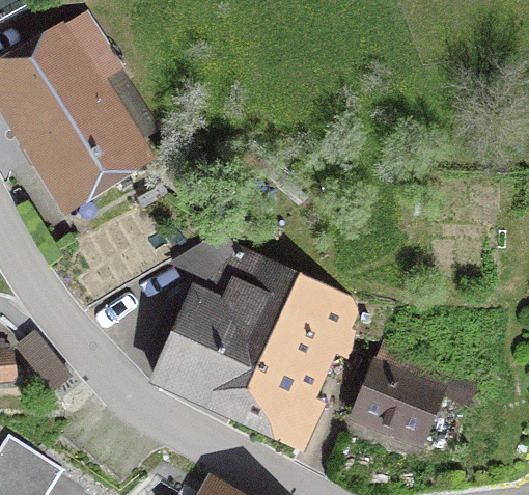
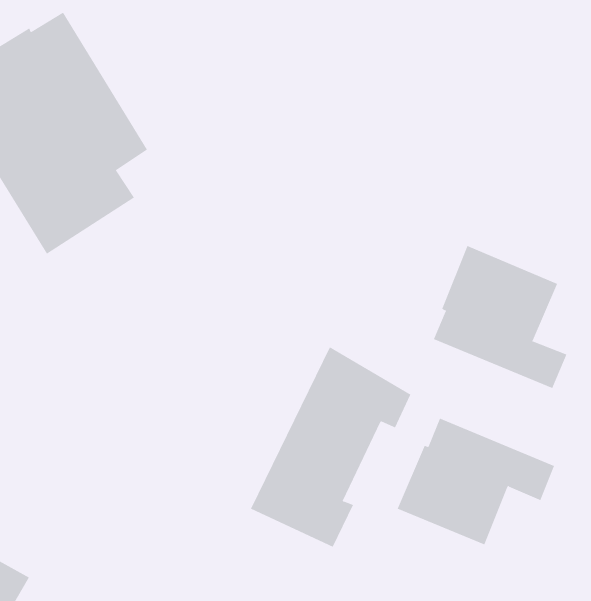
building: none -> [433,245,567,389]
building: [152,244,296,415] -> none

